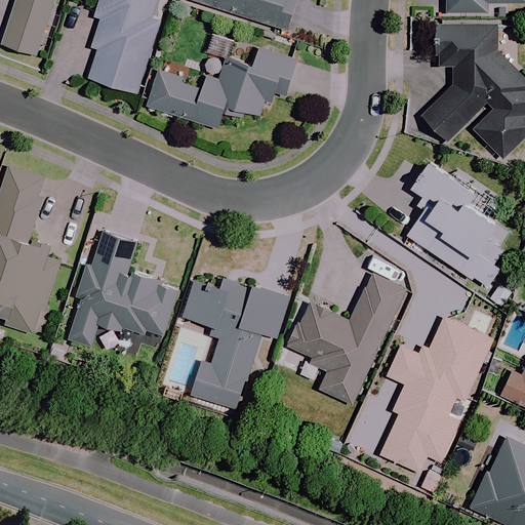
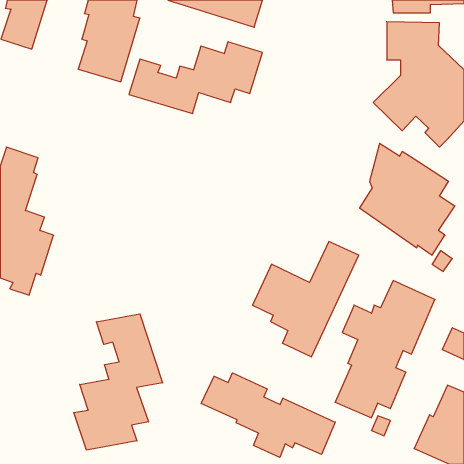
building: [70,233,177,347] -> none
building: [183,279,289,408] -> none
building: none -> [74,314,162,450]
building: none -> [201,373,335,457]

